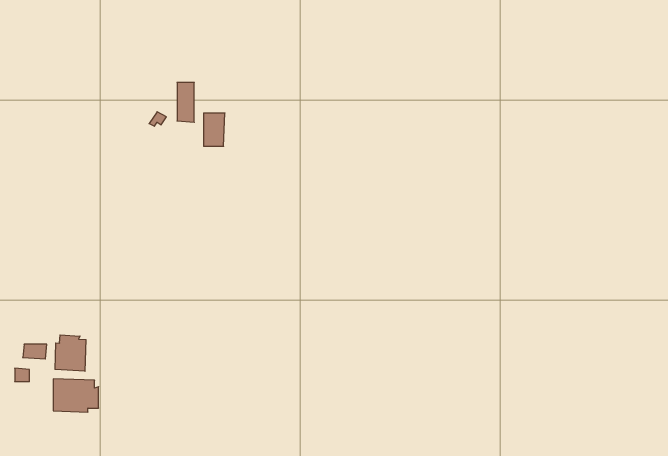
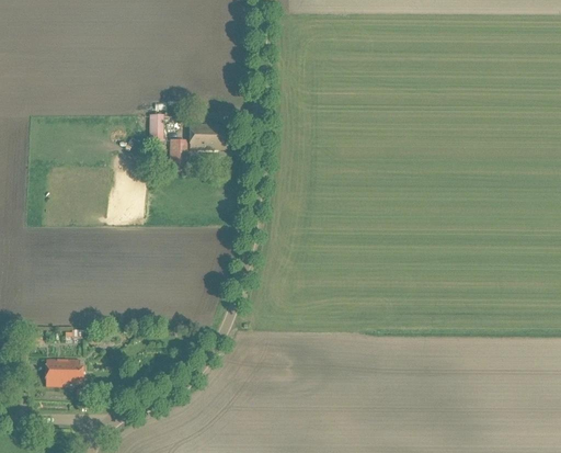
building: none -> [190,124,230,149]
building: [55,335,86,371] -> none

